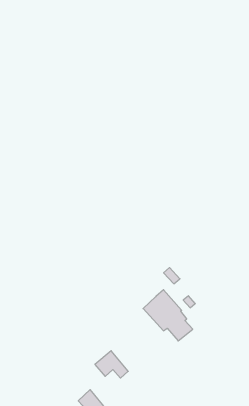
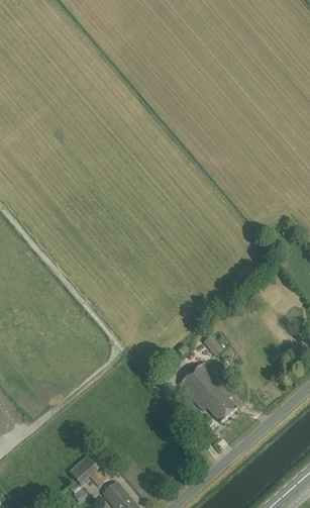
building: [95,351,128,378] -> [69,454,108,487]

